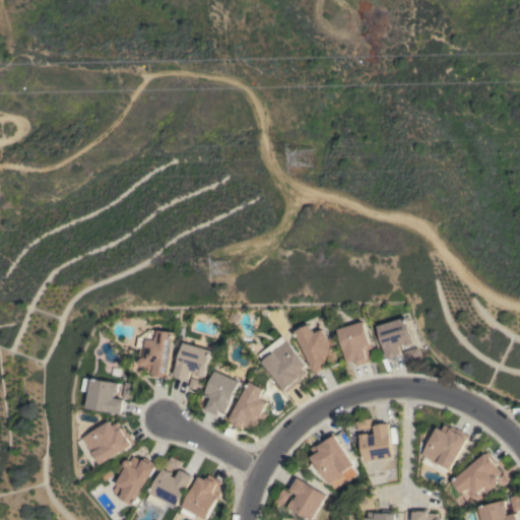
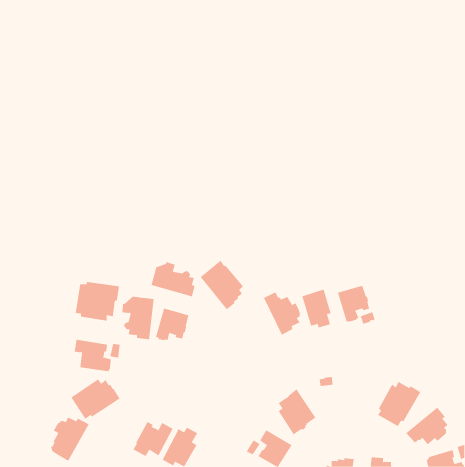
building: none -> [151,261,195,297]
building: none -> [75,281,119,322]
building: [256,335,305,391] -> [200,260,244,310]
building: [201,371,238,415] -> none
building: [226,381,265,431] -> none
building: [359,422,392,461] -> none
building: [114,456,157,506] -> [50,417,89,462]

